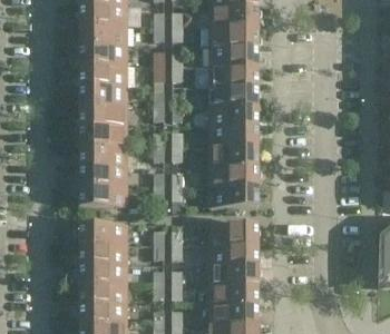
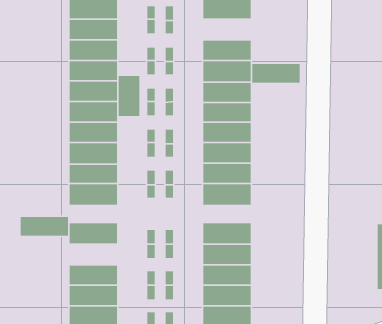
building: [209,24,257,45] -> [251,63,300,84]
building: none -> [118,75,140,117]
building: [79,244,127,264] -> [20,216,69,237]

